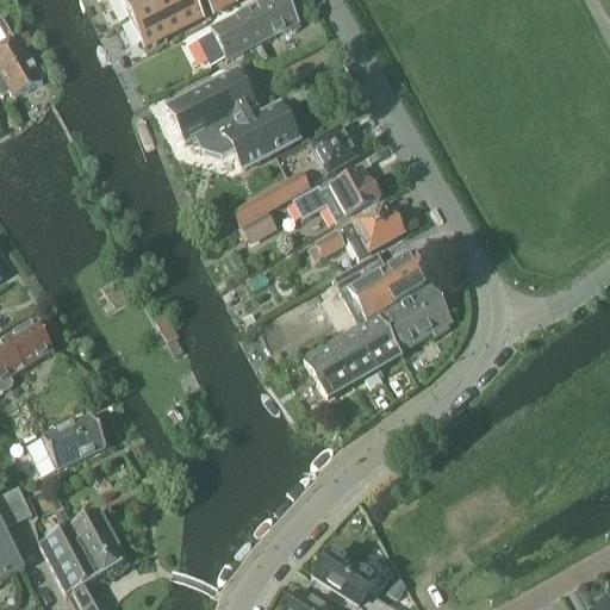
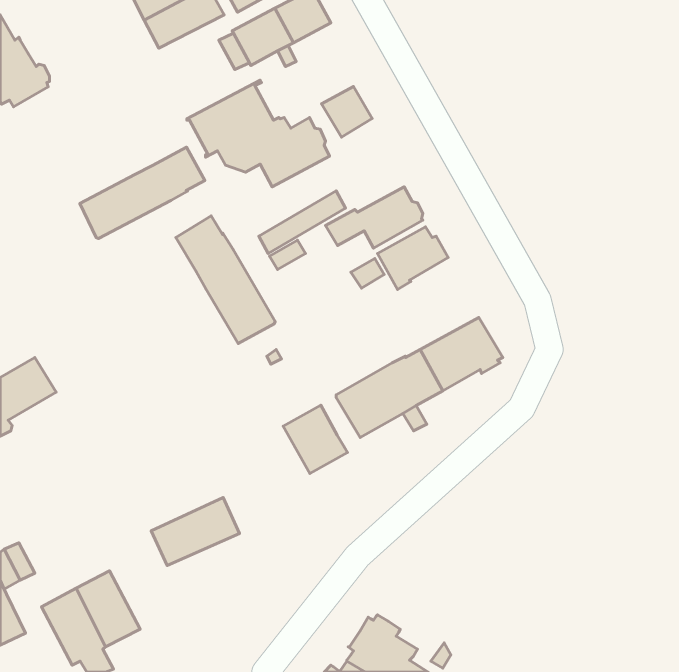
building: [311,127,356,173] -> [321,87,372,137]
building: none -> [80,147,205,238]
building: none -> [176,216,275,343]
building: [332,249,428,322] -> none
building: none -> [283,405,348,473]
building: [27,416,106,477] -> [151,498,239,566]

